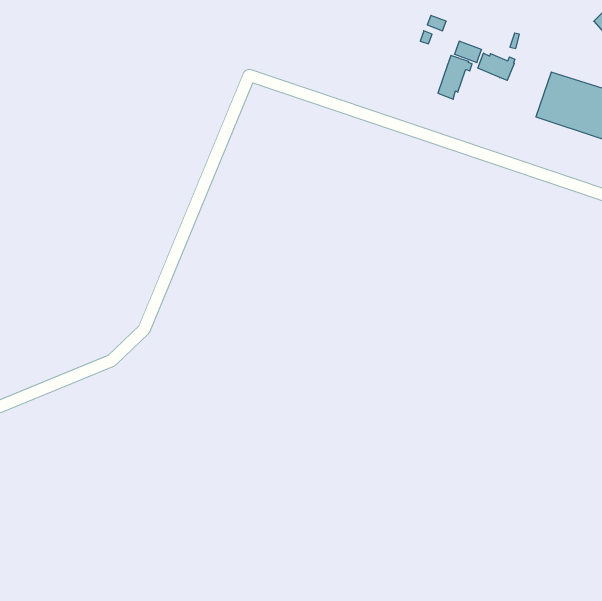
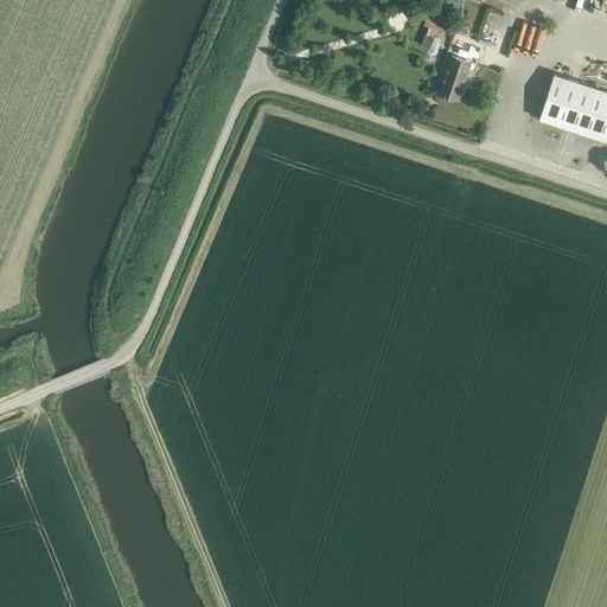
building: [478,53,515,80] -> none

